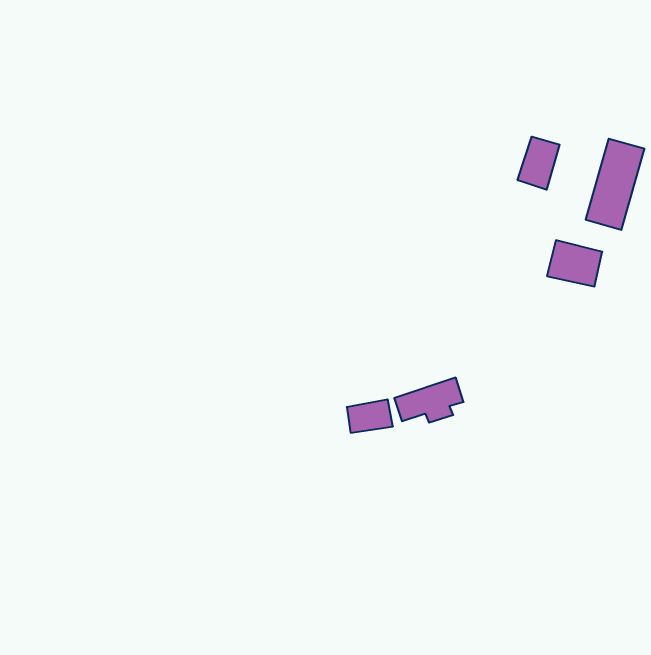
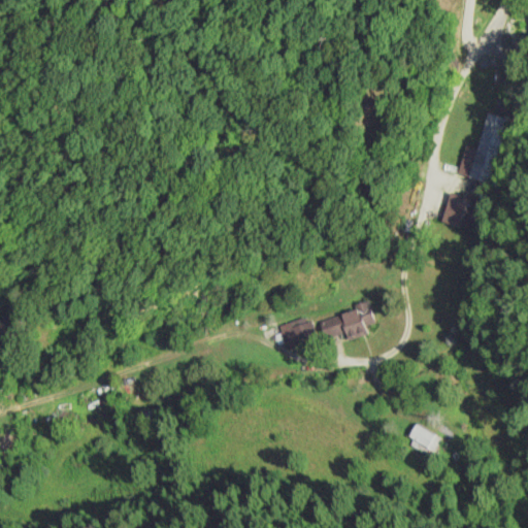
building: [518,137,560,190] -> none
building: none -> [404,423,440,455]

